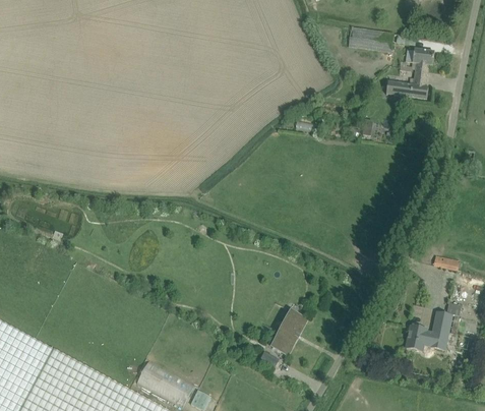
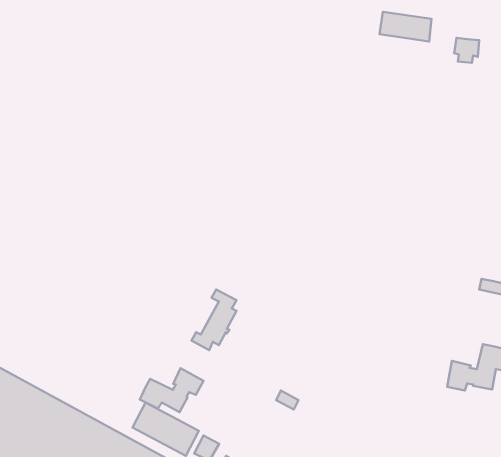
building: [385,69,426,99] -> none
building: [266,300,305,352] -> [191,289,236,350]
building: none -> [140,368,203,412]

